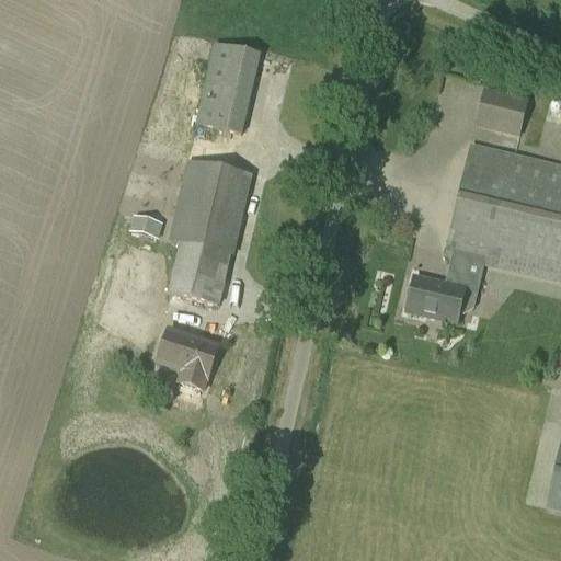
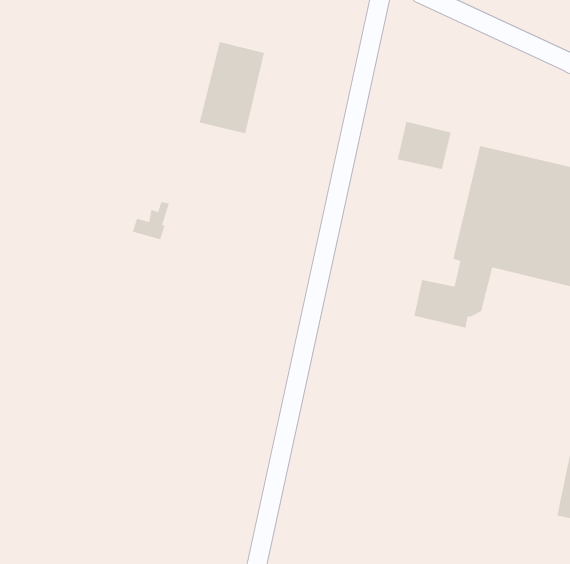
building: [476,85,529,134] -> [397,121,452,170]
building: [168,157,253,304] -> none
building: [157,325,220,389] -> none

